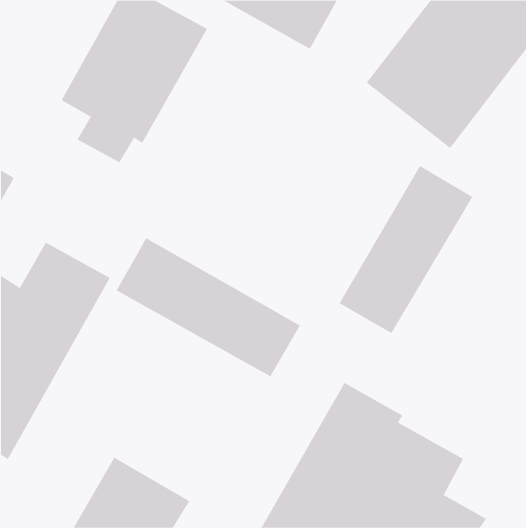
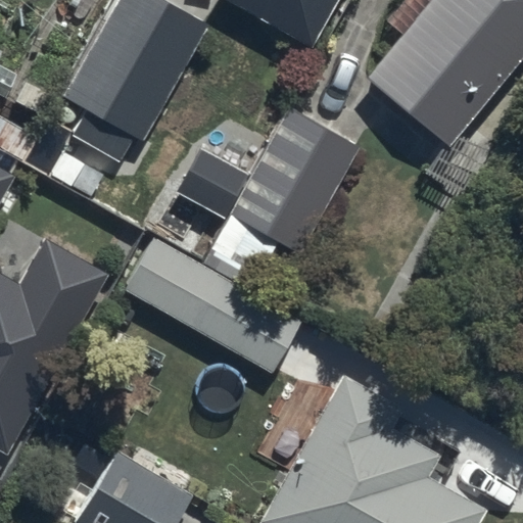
building: none -> [185,107,359,254]
building: [339,165,473,334] -> none

